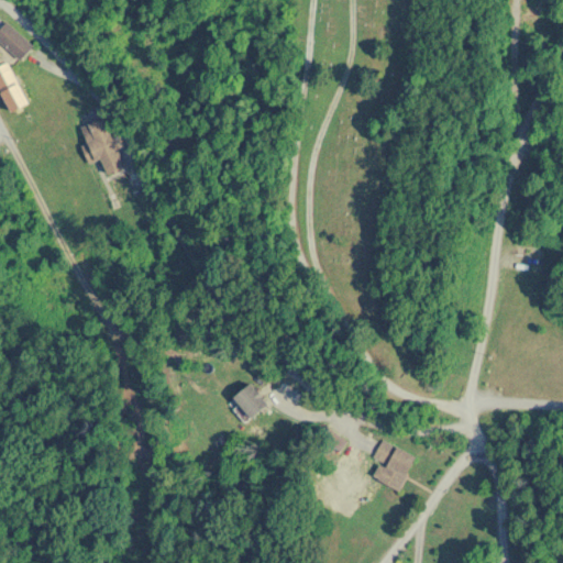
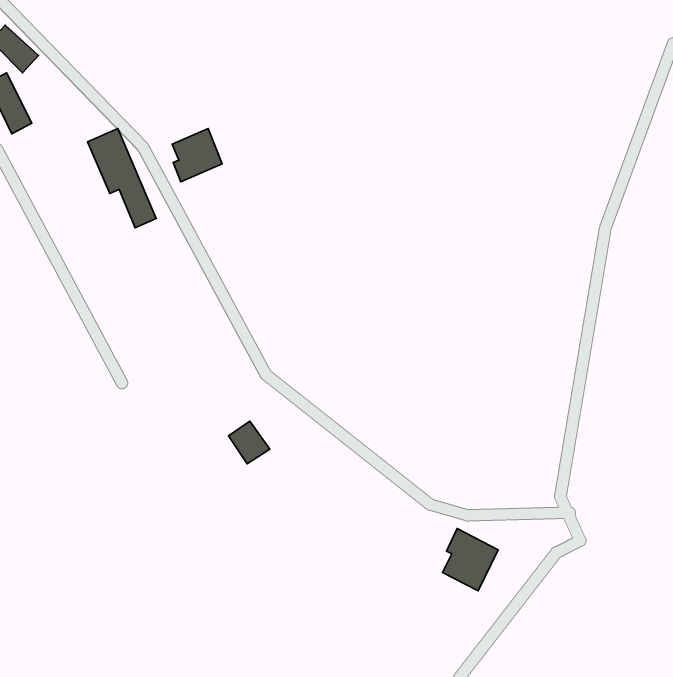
building: none -> [172,129,222,182]
building: [233,383,267,418] -> [229,421,270,464]

